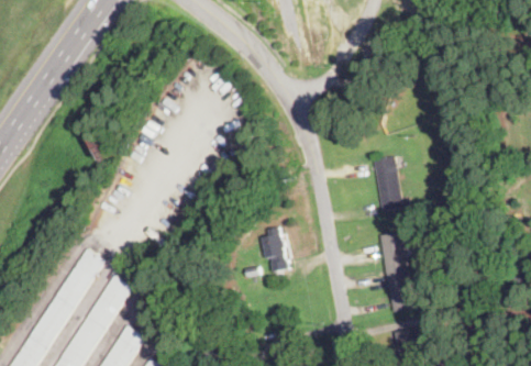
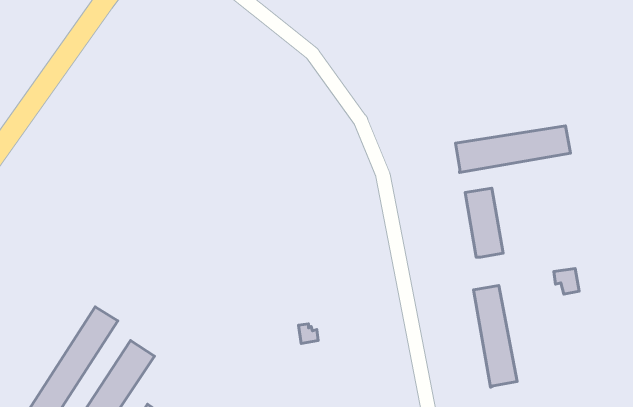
building: none -> [455,126,570,173]
building: [261,229,288,274] -> none

